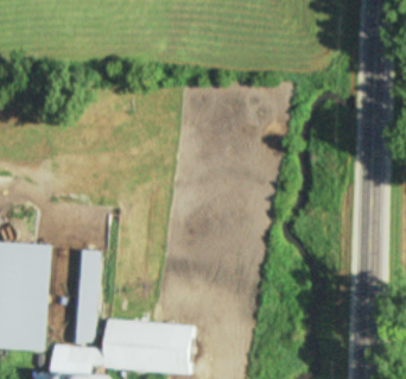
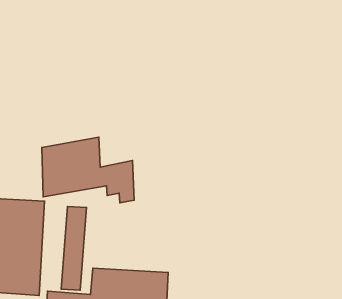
building: none -> [42,137,134,203]

